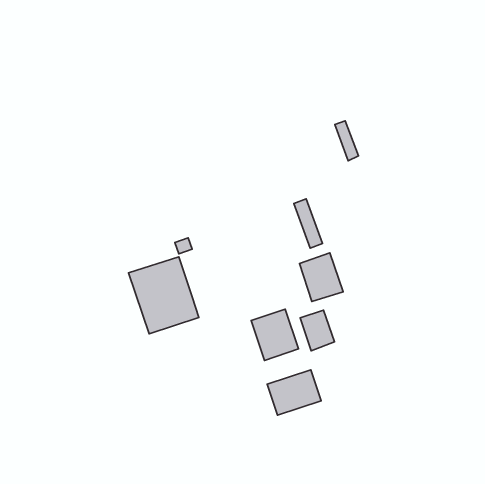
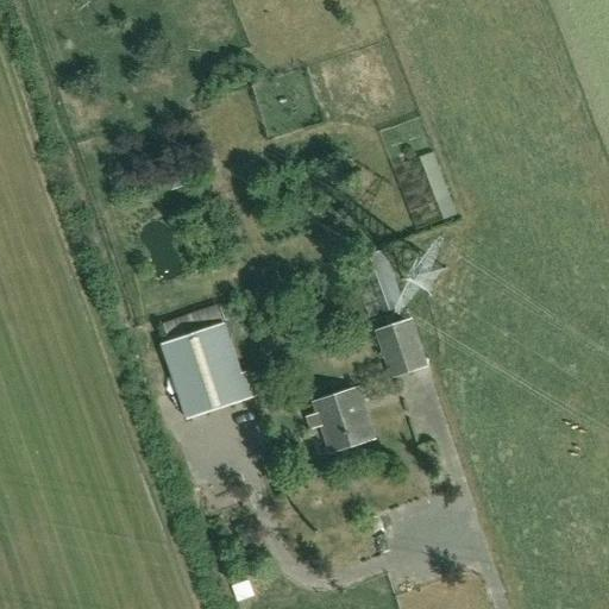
building: [300,310,335,351] -> none
building: [267,370,321,415] -> none

